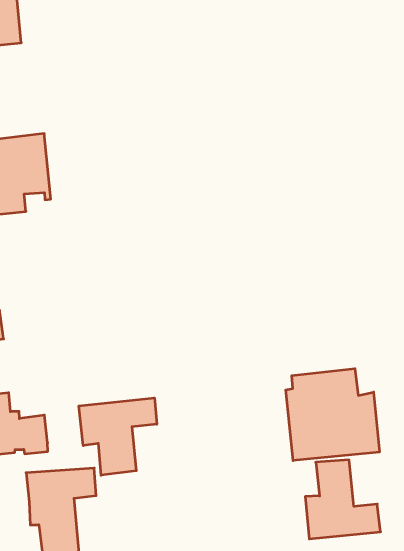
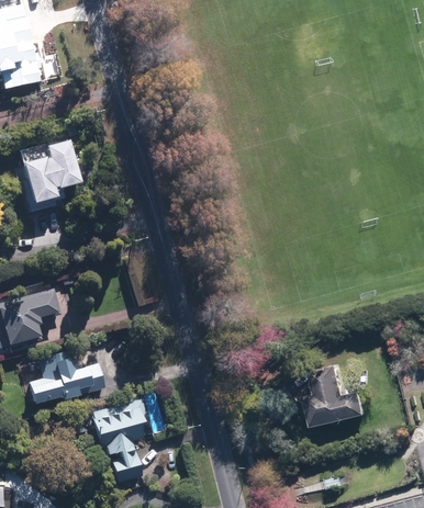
building: [286,369,379,461] -> none
building: [79,398,157,475] -> none

